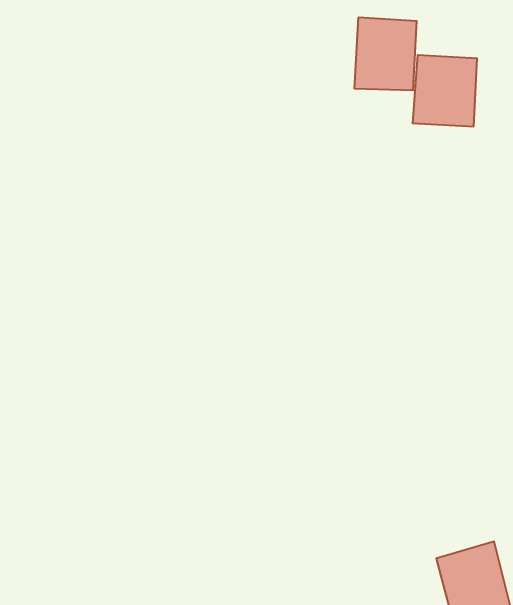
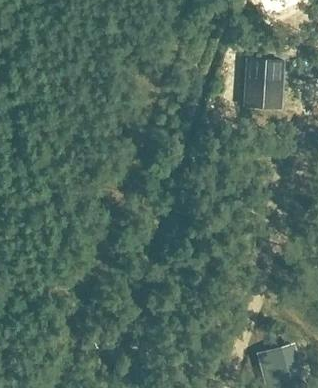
building: [355,17,417,90] -> none

